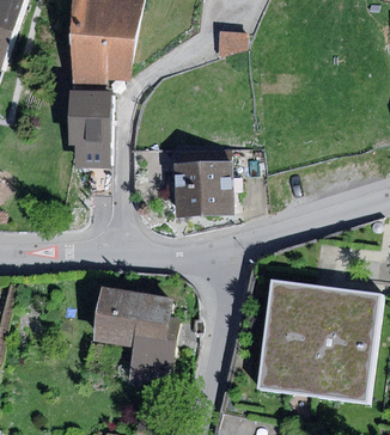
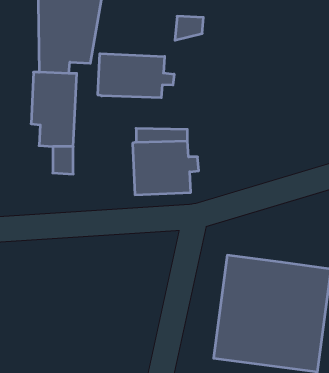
building: none -> [98,54,174,98]
building: [95,287,176,384] -> none

